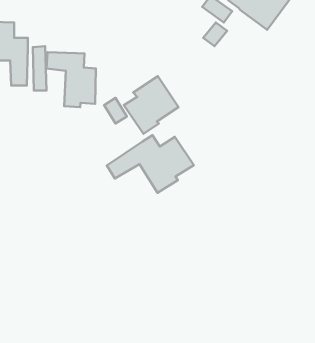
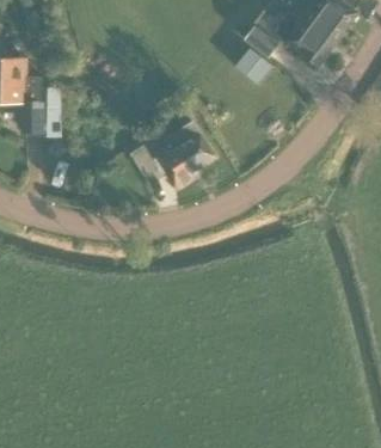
building: [47,52,96,107] -> none
building: [107,135,194,193] -> none

